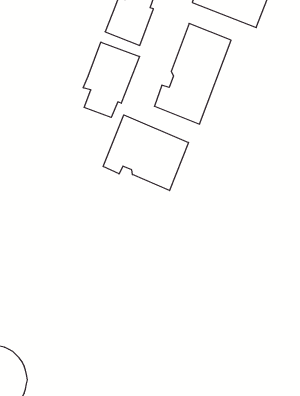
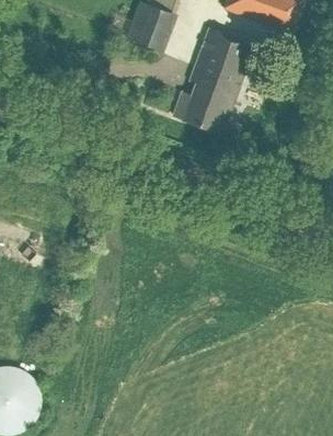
building: [83,42,140,117] -> none
building: [103,115,188,191] -> none

